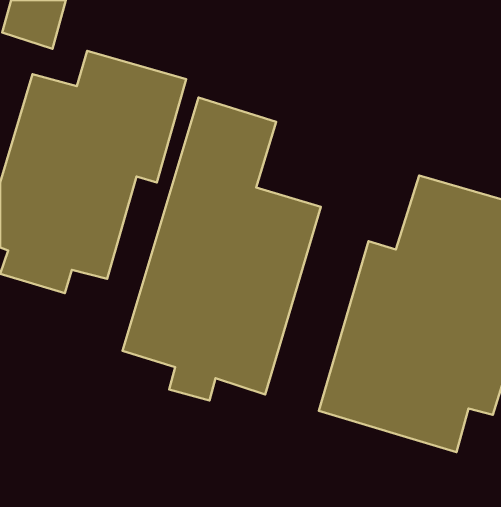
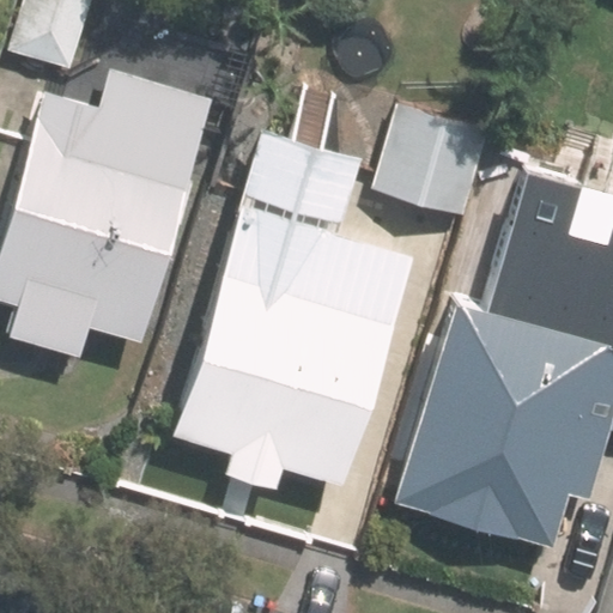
building: none -> [375,108,487,217]

